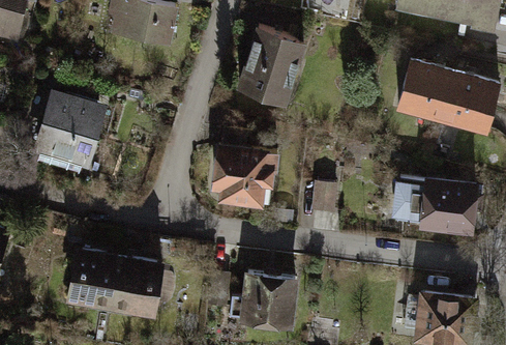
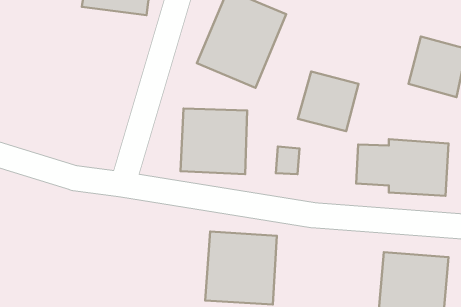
building: [390,56,451,116] -> [298,72,358,131]
building: [36,87,111,178] -> none
building: [65,247,167,319] -> none

